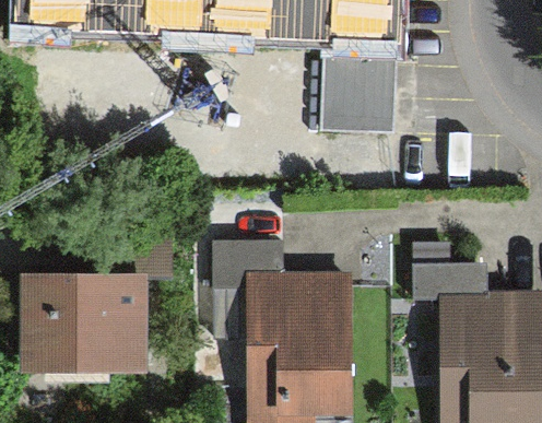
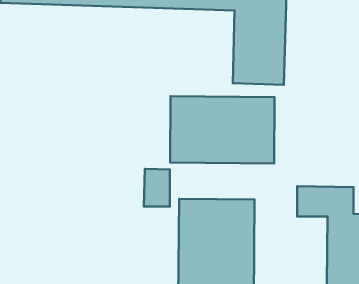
building: none -> [170,96,275,164]
building: [27,274,141,369] -> none

